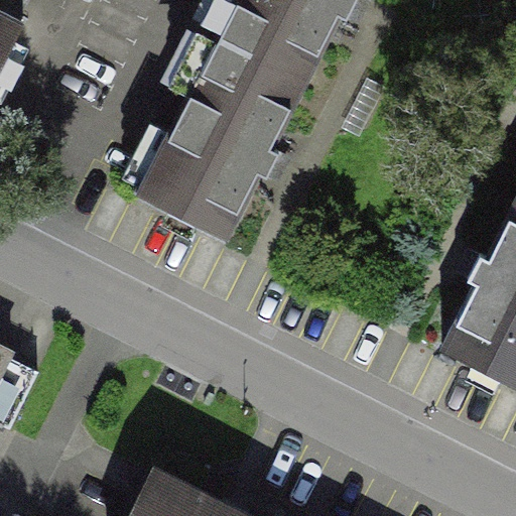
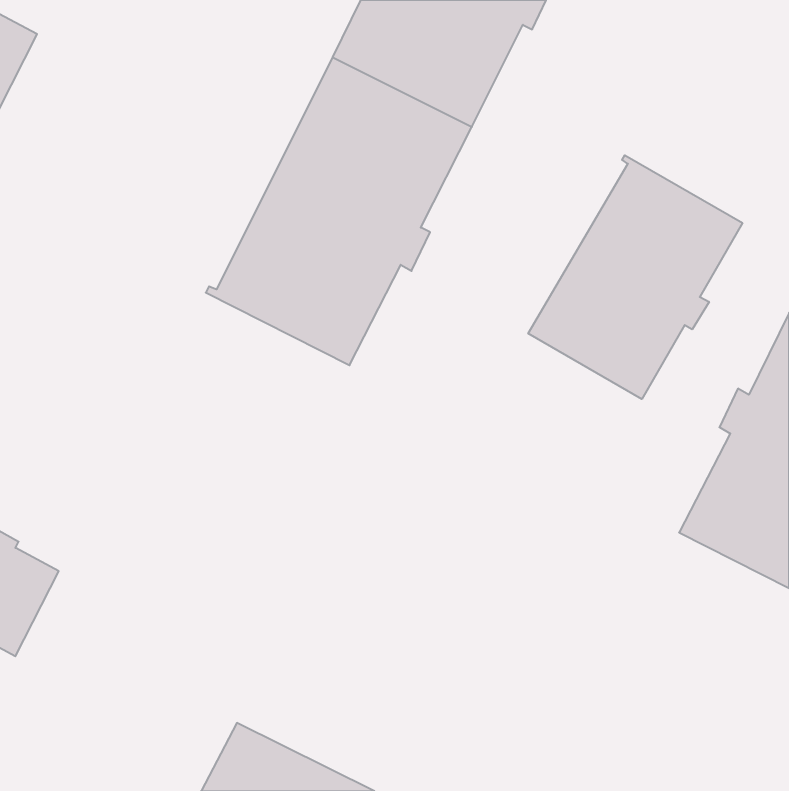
building: none -> [528,155,742,399]

